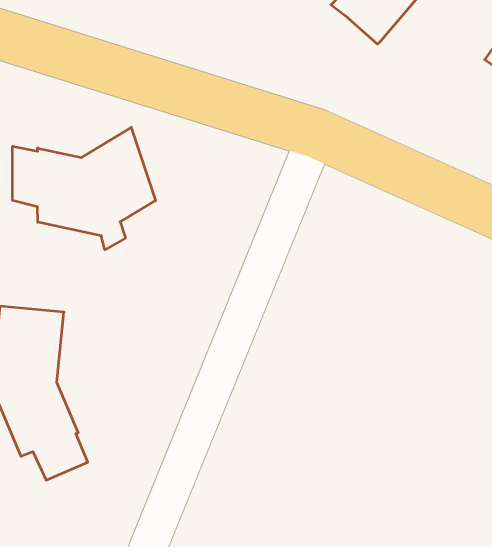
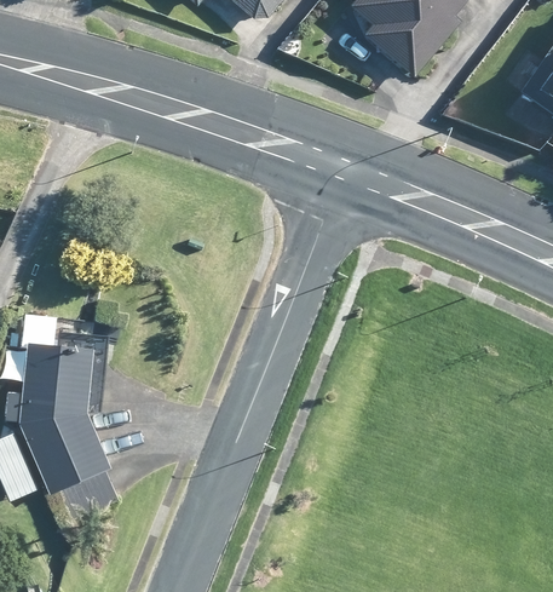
building: [12,127,156,250] -> none

